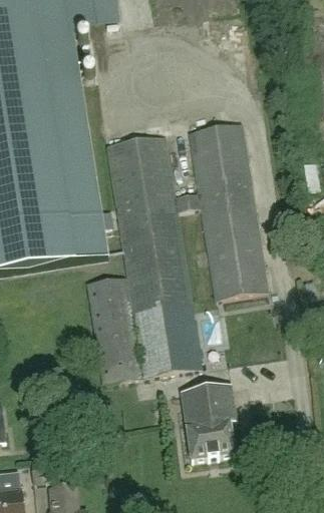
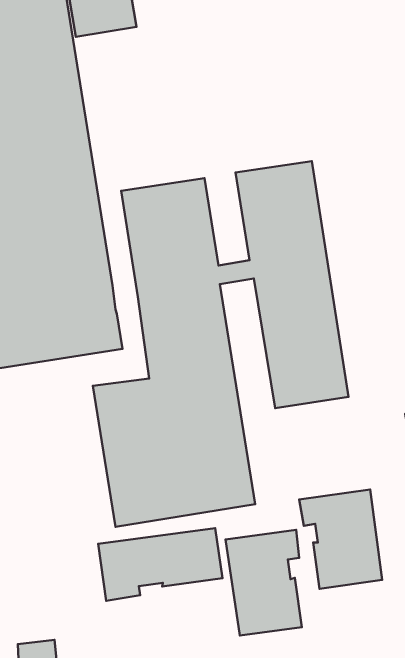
building: none -> [299,489,382,589]
building: none -> [98,528,222,601]

